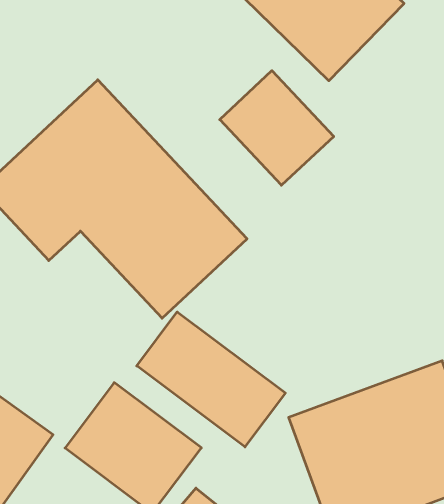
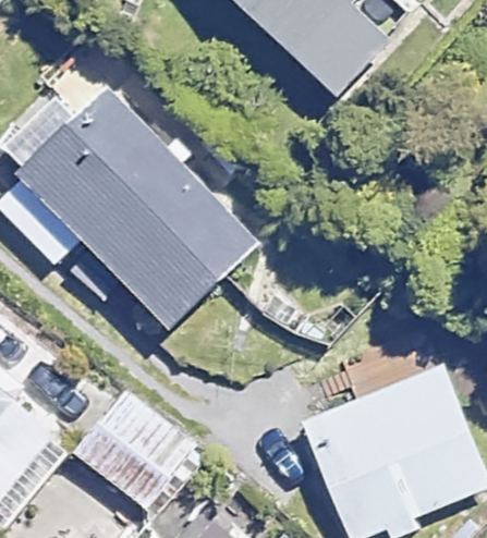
building: [220,71,334,185] -> none
building: [137,312,285,447] -> none

